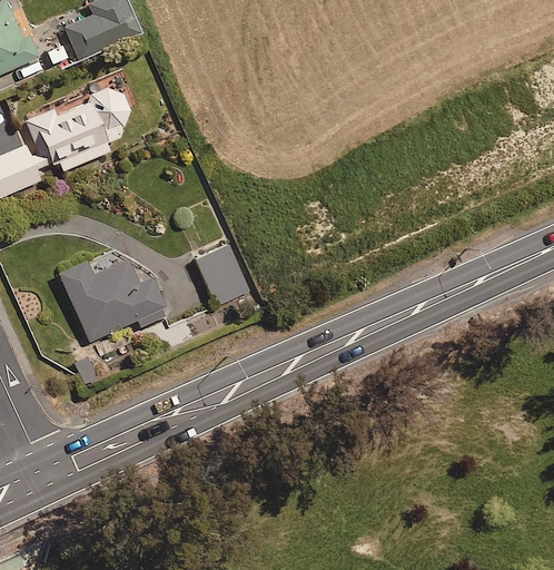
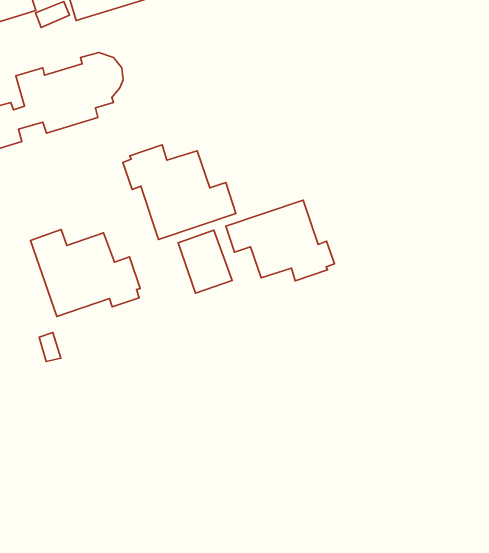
building: none -> [123,145,236,239]
building: none -> [226,200,335,281]

